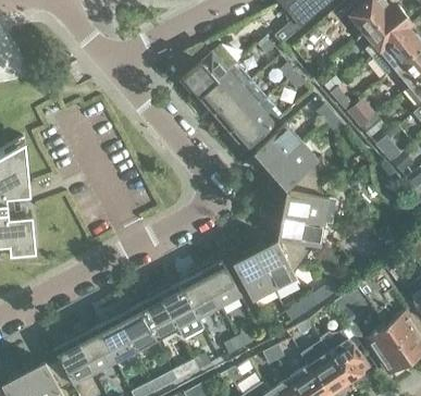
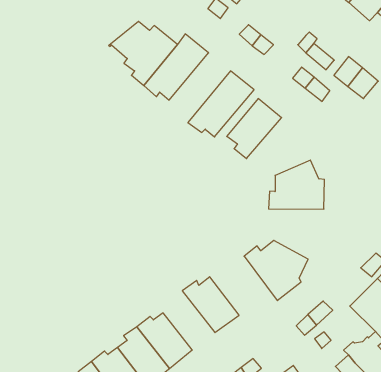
building: [215,82,269,135] -> none
building: [270,144,321,189] -> none
building: [278,215,325,261] -> none
building: [235,250,275,301] -> none
building: [182,270,221,319] -> none

